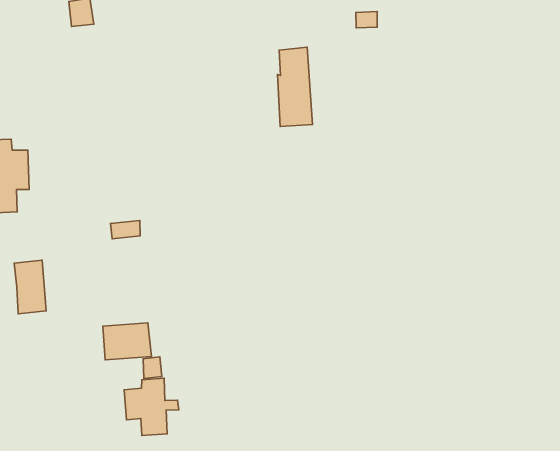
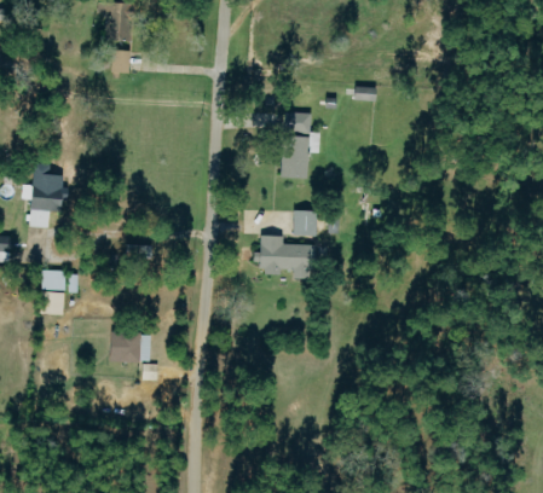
building: none -> [293,209,317,236]
building: none -> [265,234,312,278]
building: [124,378,179,436] -> none

